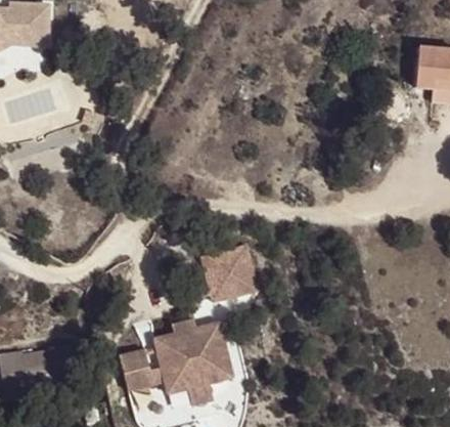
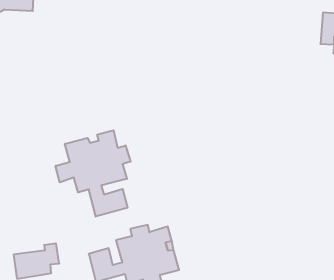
building: none -> [56,130,131,217]
building: [201,244,258,301] -> none

